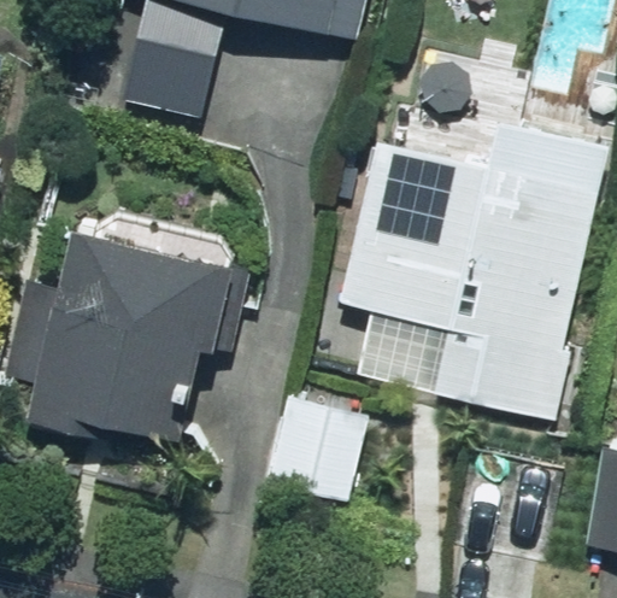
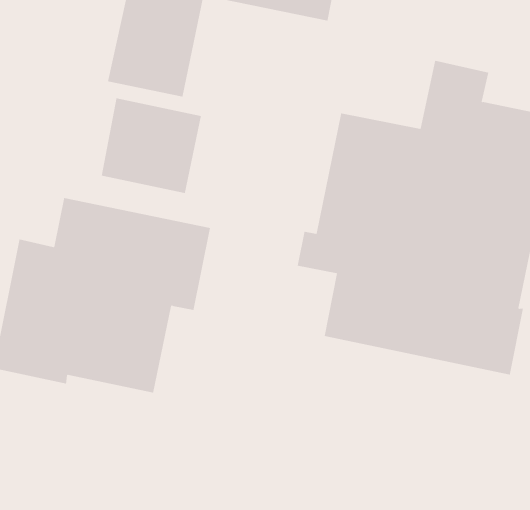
building: none -> [101,98,202,194]
building: [268,392,370,499] -> none

